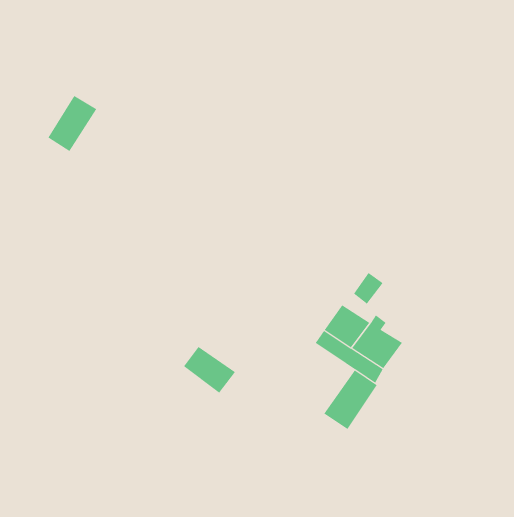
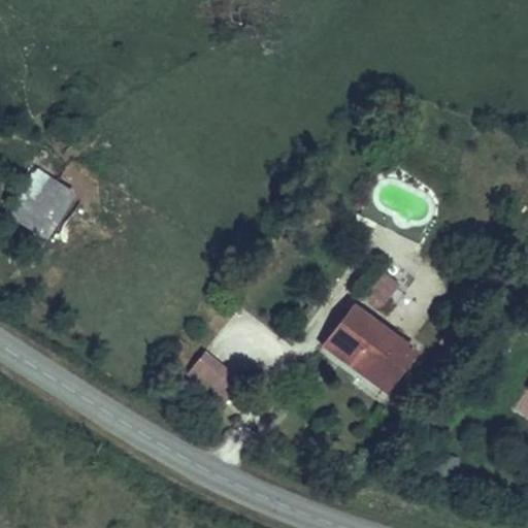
building: [47,95,97,152] -> [23,176,73,234]
building: [323,370,378,430] -> none

